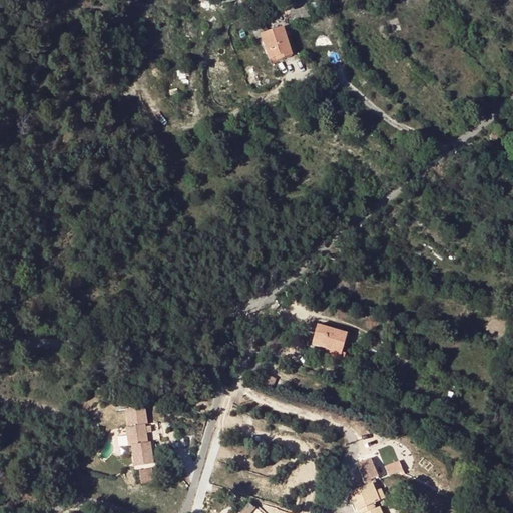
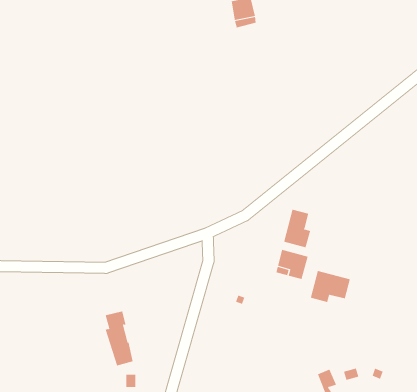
building: none -> [283,209,311,248]
building: none -> [310,270,351,303]

